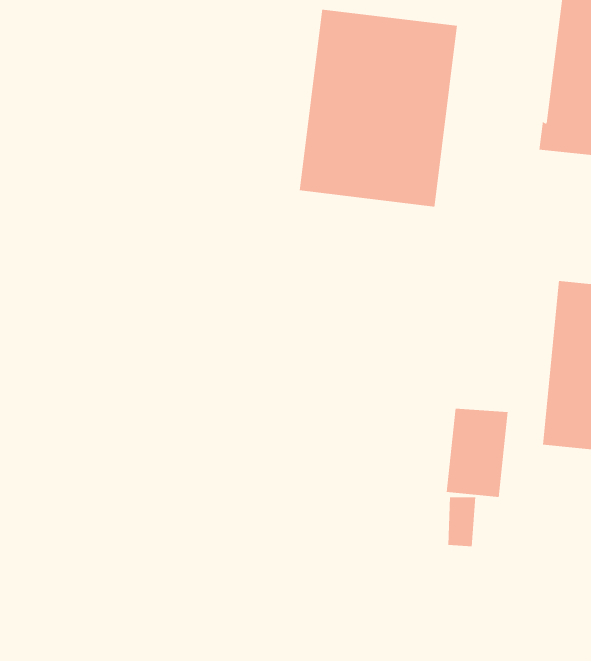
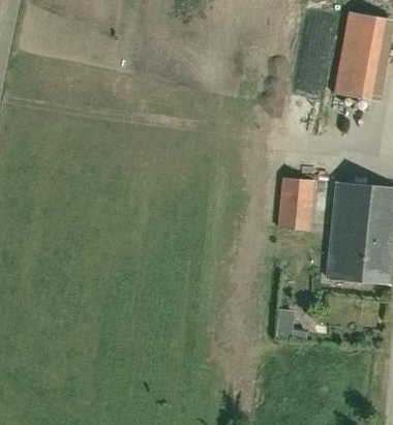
building: [299,9,457,207] -> none
building: [446,408,509,498] -> [279,178,315,230]

